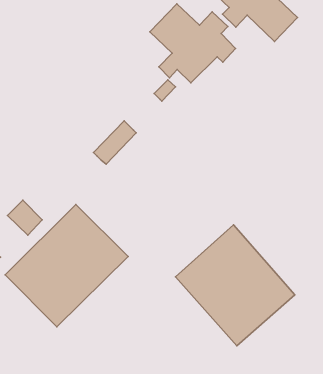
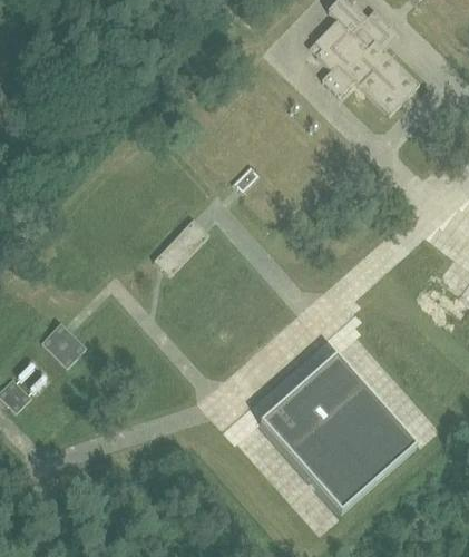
building: [150,4,235,83] -> none
building: [5,205,128,327] -> none

